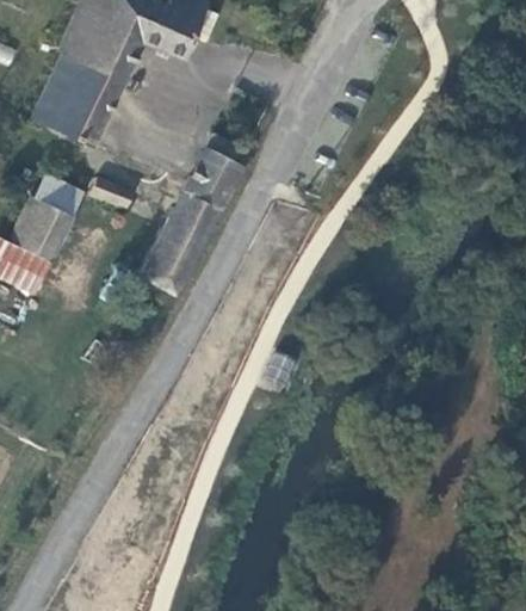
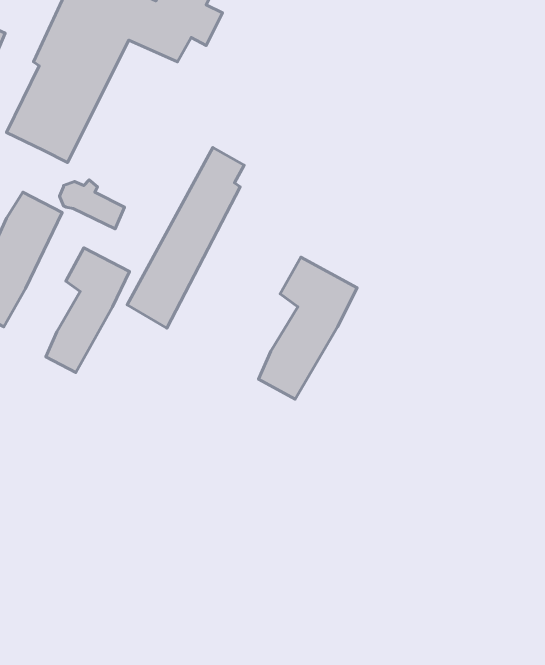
building: none -> [46,248,129,373]
building: none -> [258,257,357,399]

